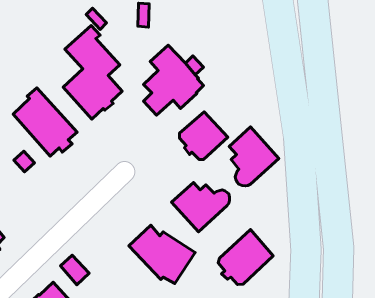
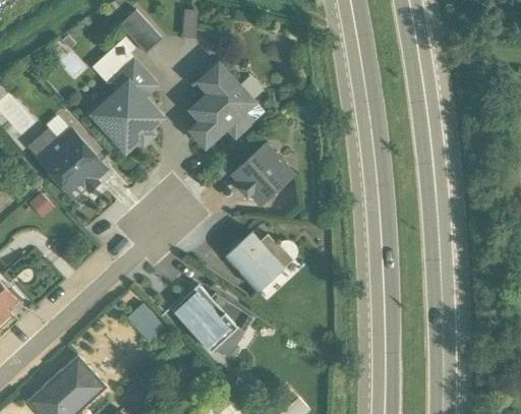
building: [229,127,279,186] -> none
building: [218,230,273,284] -> none
building: [61,255,89,285] -> [127,305,163,342]

